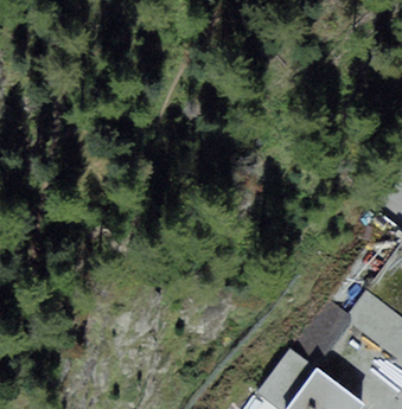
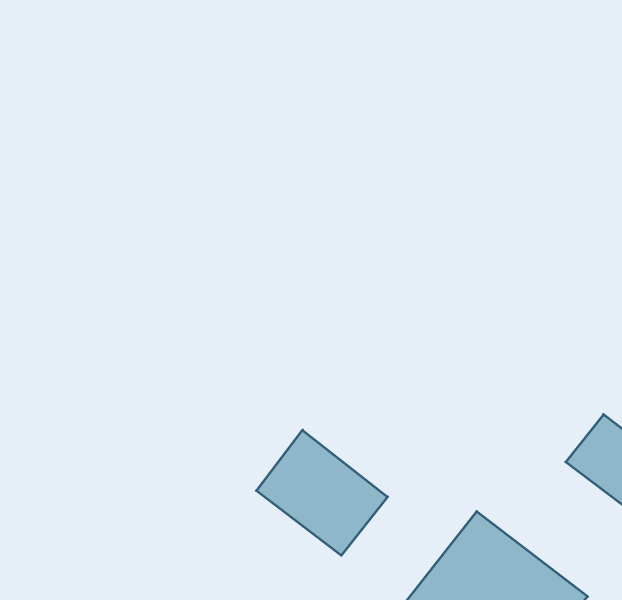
building: none -> [256,430,388,555]

